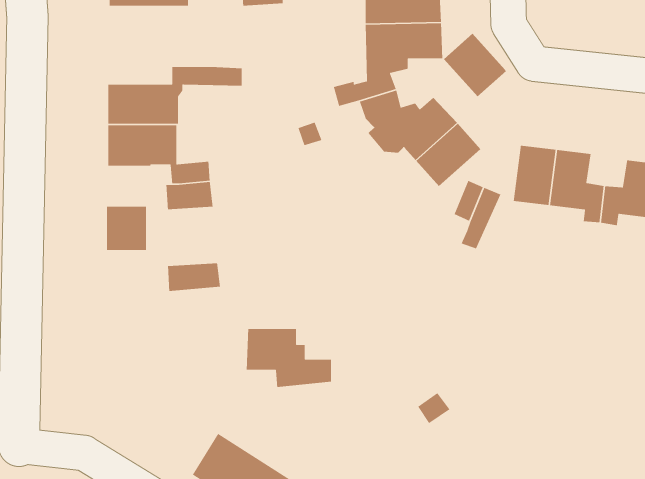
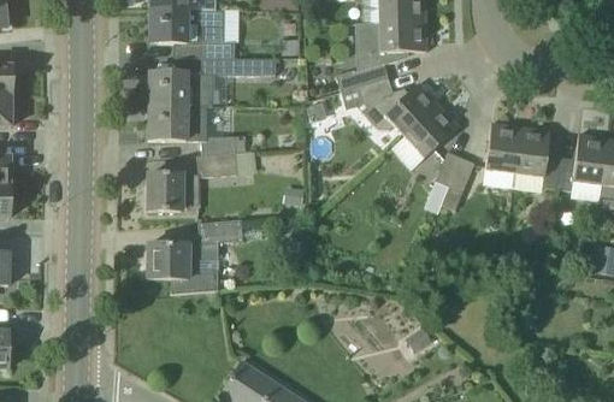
building: none -> [148,8,234,58]
building: [443,33,507,97] -> none
building: [246,328,332,388] -> [146,244,217,294]

